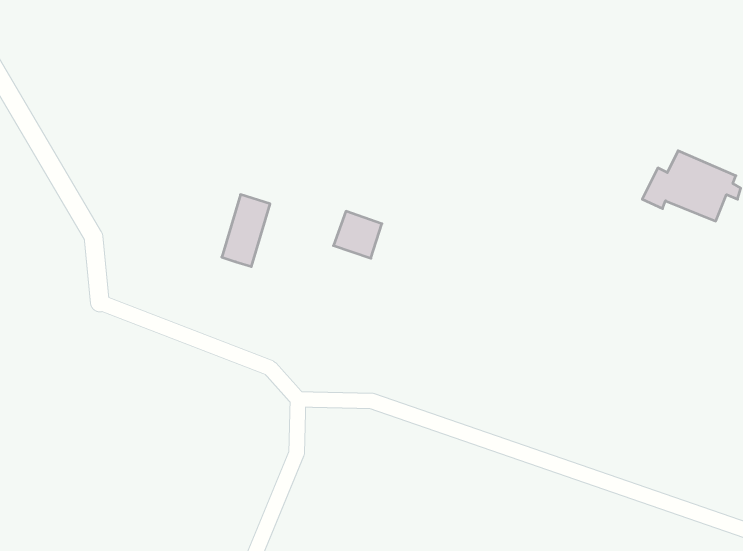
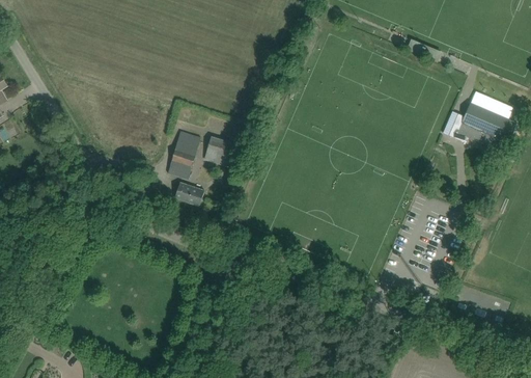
building: [333,211,382,258] -> [203,135,235,166]
building: none -> [174,181,204,204]

